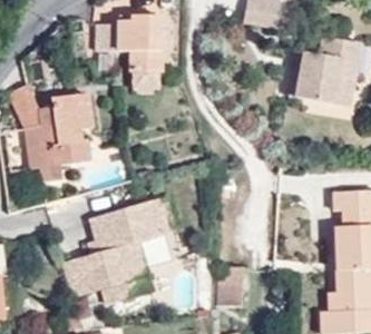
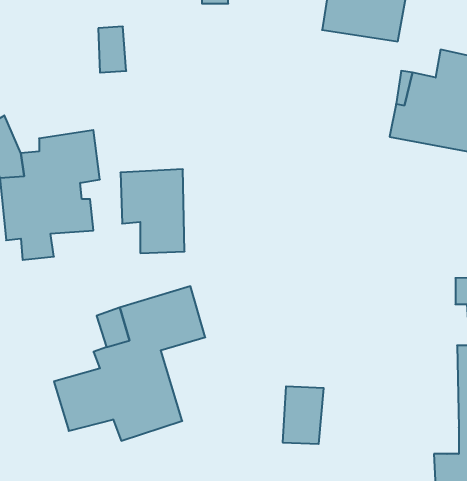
building: [119,14,163,71] -> [120,169,185,253]

